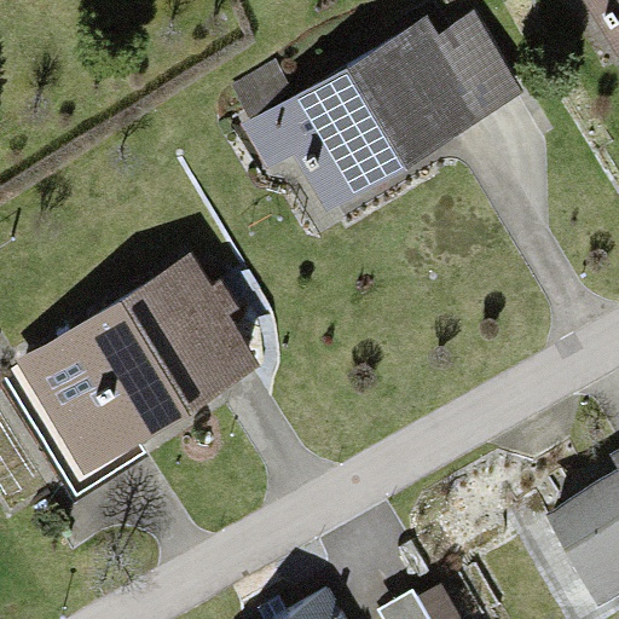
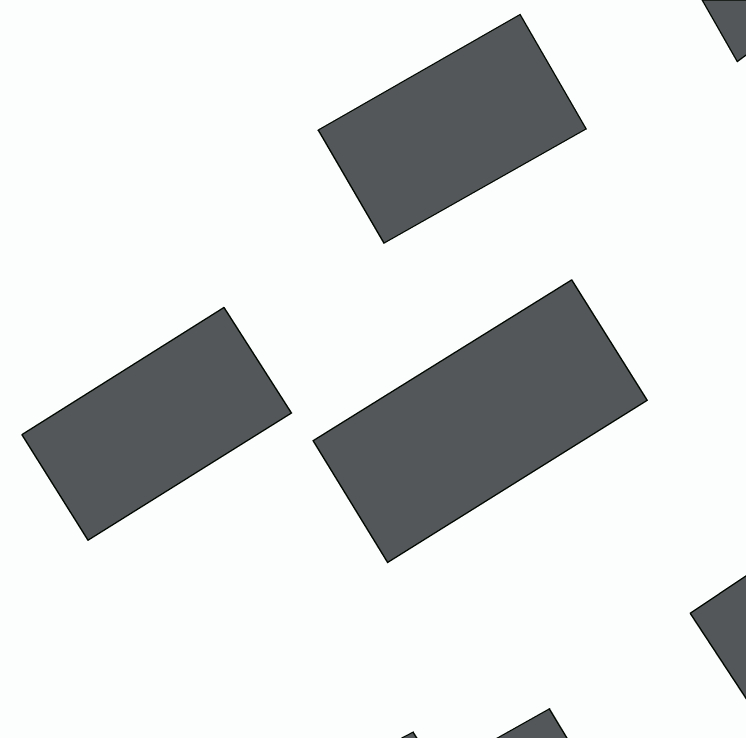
building: none -> [313,280,647,563]

